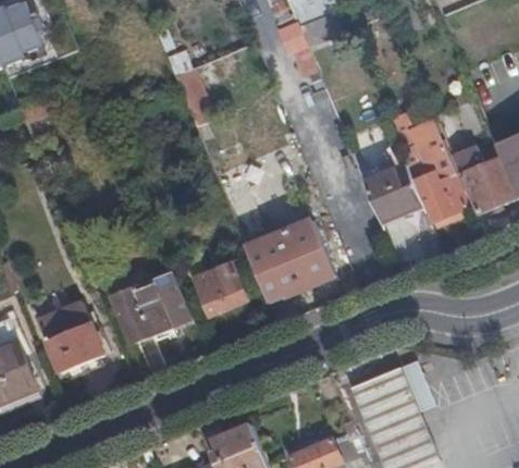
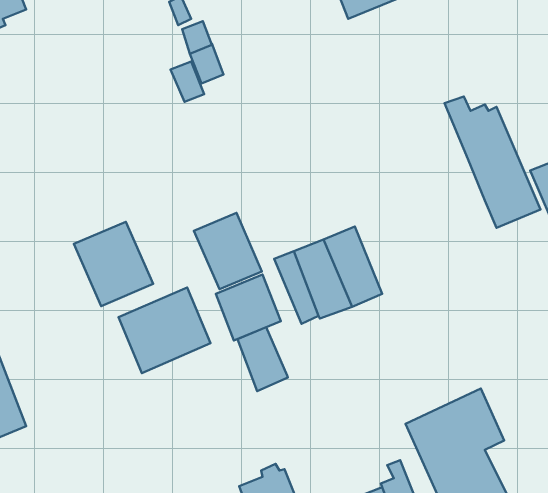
building: [362,164,420,222] -> none
building: none -> [194,213,262,289]
building: [38,303,104,373] -> [74,222,153,306]
building: none -> [237,327,288,391]

